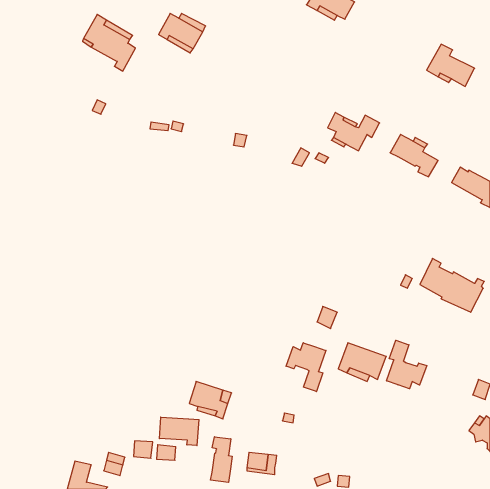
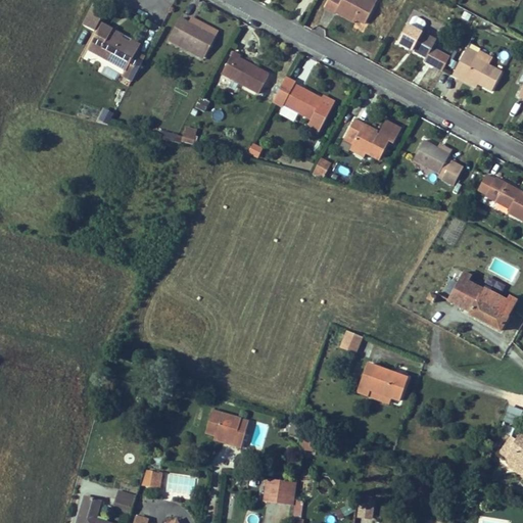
building: none -> [400,27,441,66]
building: none -> [222,49,270,91]
building: none -> [275,77,333,132]
building: [387,340,427,389] -> none
building: [286,343,326,392] -> none
building: [159,417,199,446] -> none
building: [211,437,232,482] -> none

